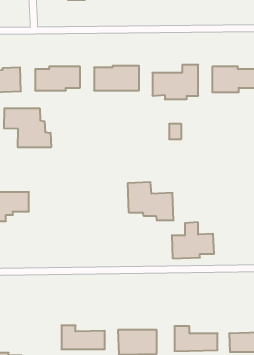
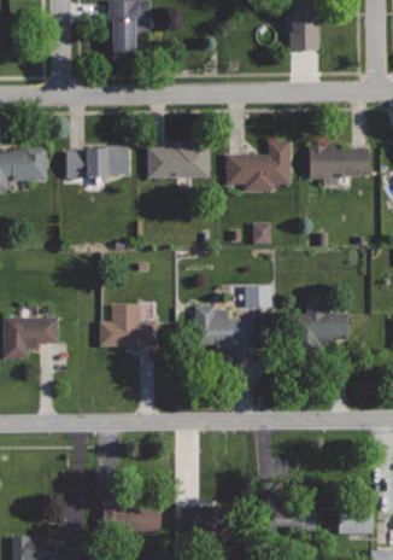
building: [4,108,51,147] -> none
building: none -> [241,286,269,307]
building: none -> [99,303,156,345]
building: [172,222,214,258] -> [289,296,347,345]

